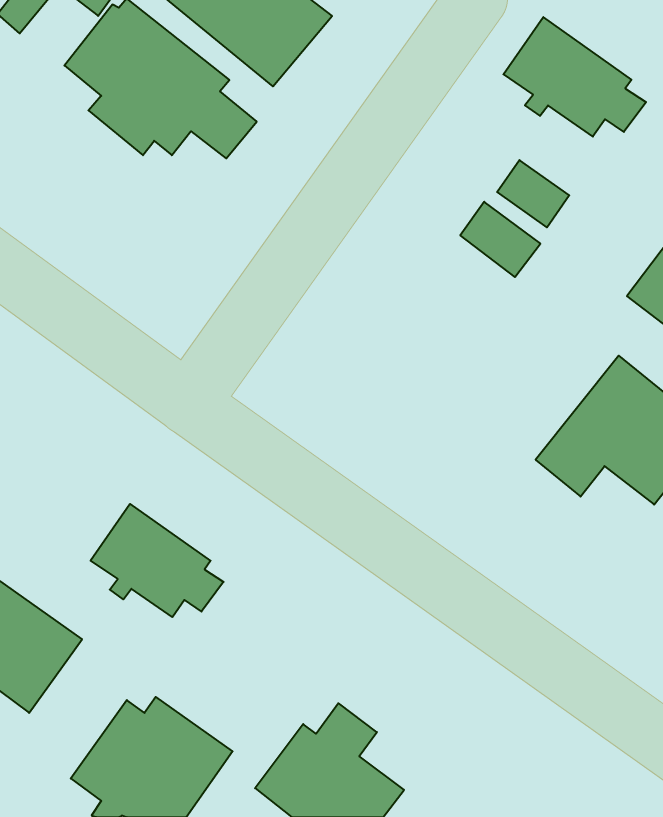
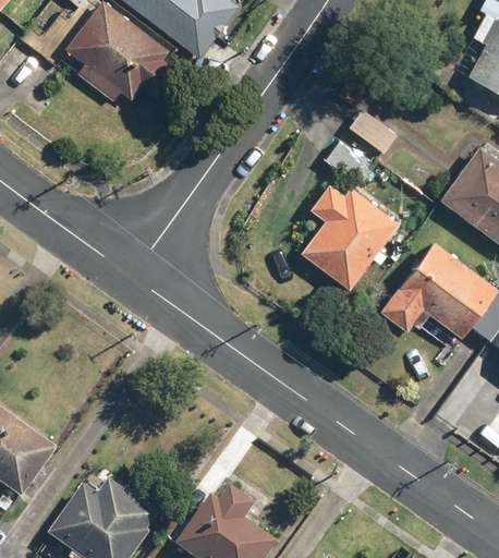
building: [503,17,646,137] -> none
building: none -> [296,185,397,292]
building: [91,504,224,617] -> none

